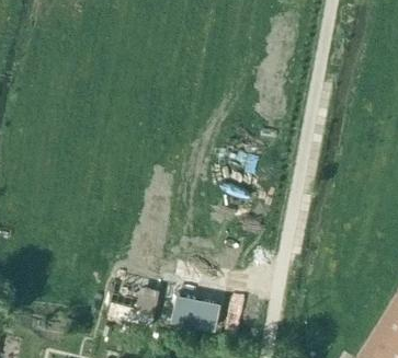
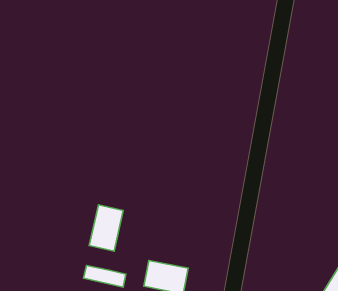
building: none -> [89,205,123,251]

